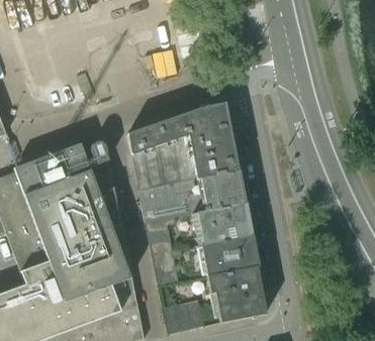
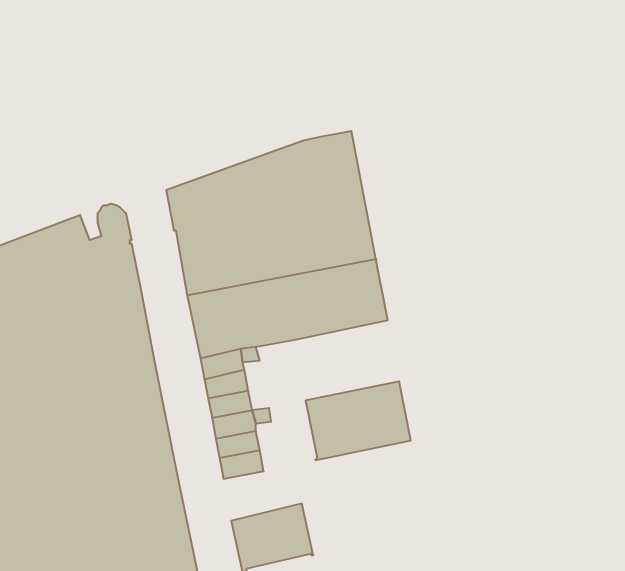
building: [195,202,250,244] -> none
building: [206,265,265,322] -> none

